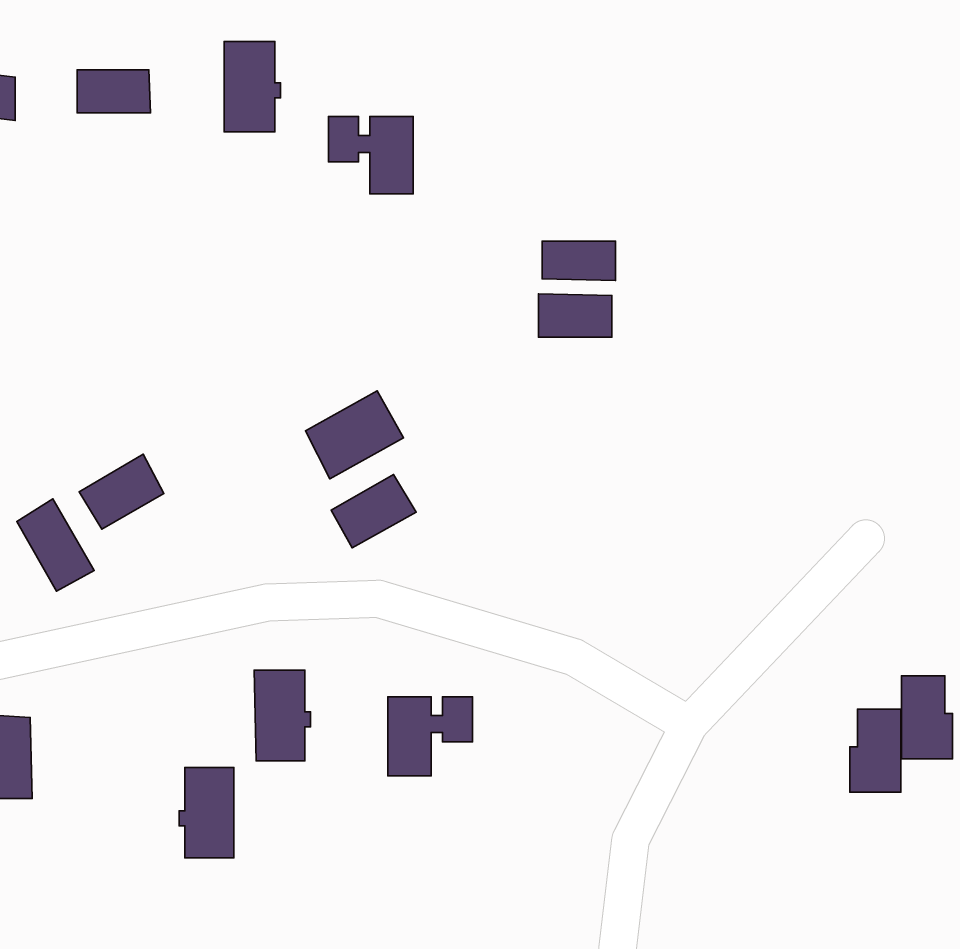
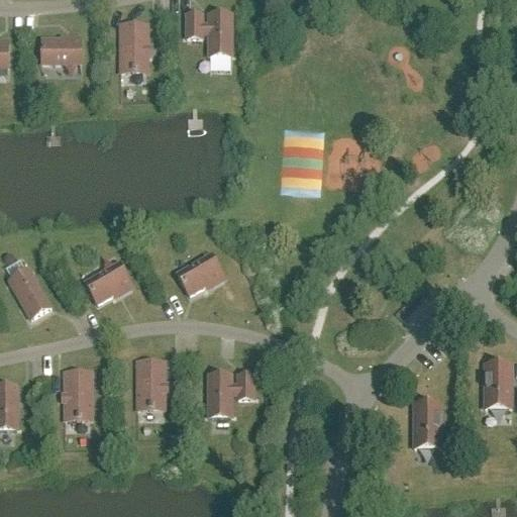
building: [328,117,413,194] -> [186,13,231,55]
building: [305,391,403,479] -> none
building: [79,454,164,529] -> [85,263,130,303]
building: [850,709,901,792] -> [413,402,440,446]
building: [179,768,234,858] -> [62,370,91,418]

